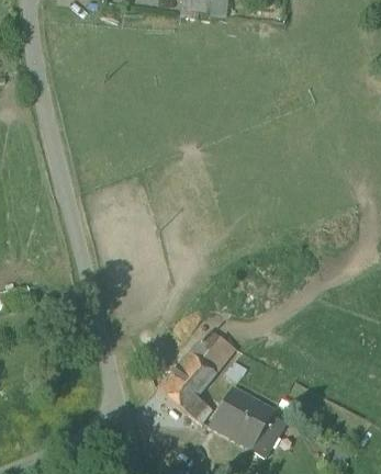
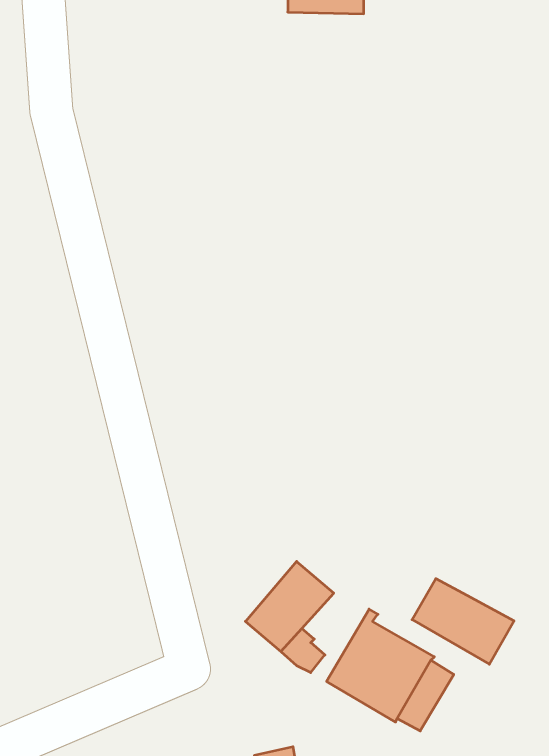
building: [190,327,238,373] -> none
building: none -> [412,579,514,664]

